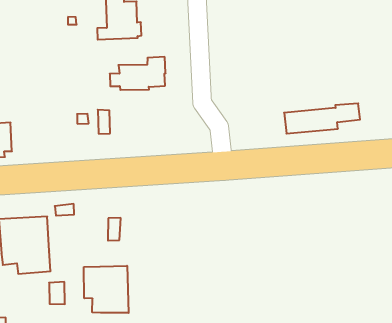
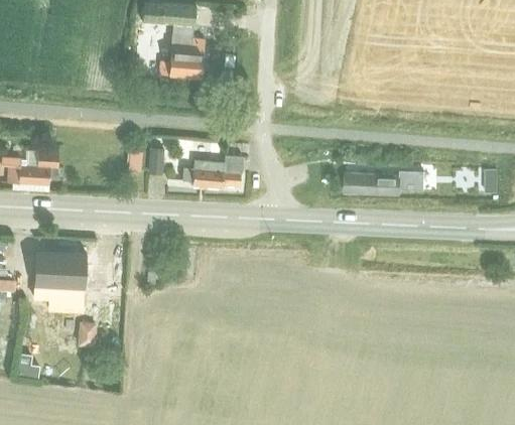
building: [110,57,166,90] -> [182,155,243,188]
building: [84,266,129,313] -> none

